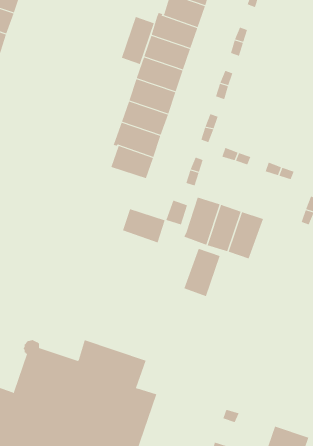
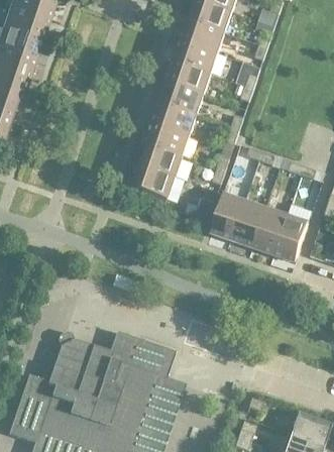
building: [121,16,154,65] -> none
building: [122,208,166,243] -> [133,166,175,200]
building: [183,248,220,297] -> [272,216,308,262]

